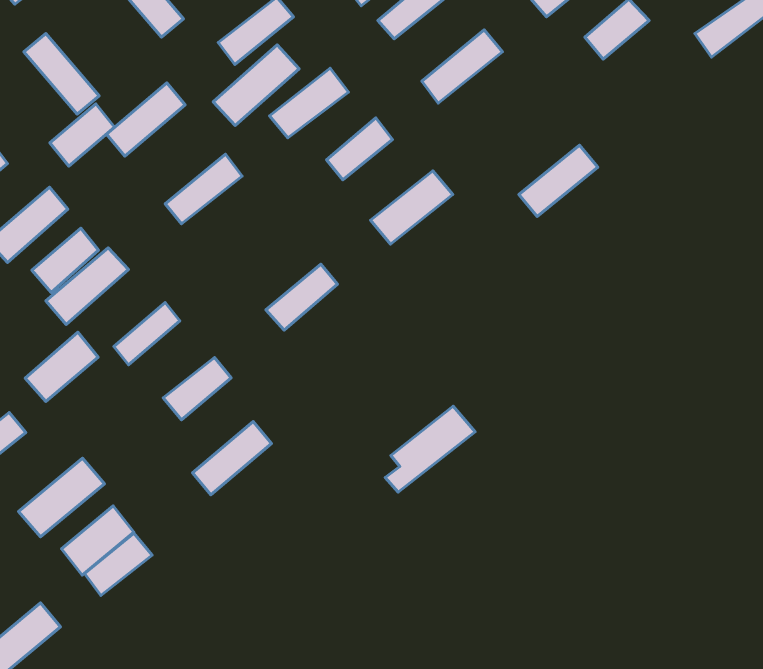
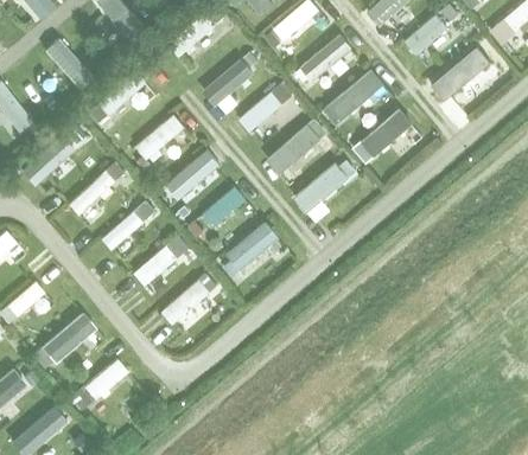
building: [213,45,299,126] -> [165,150,221,203]
building: none -> [432,46,491,100]
building: none -> [322,71,383,126]
building: [50,104,115,166] -> none
building: none -> [292,162,349,216]
building: [32,228,99,292] -> none
building: [25,332,98,402] -> none
building: [385,406,475,492] -> [222,223,280,278]
building: [61,506,134,575] -> none

